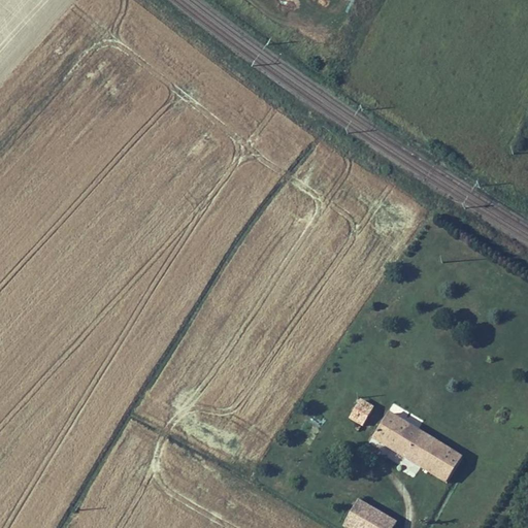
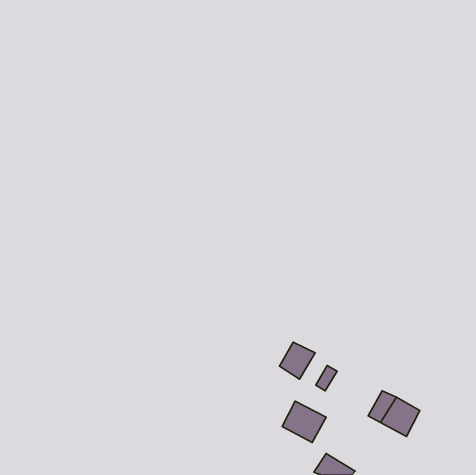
building: none -> [280,342,315,379]
building: [372,412,421,458] -> [282,401,326,442]

